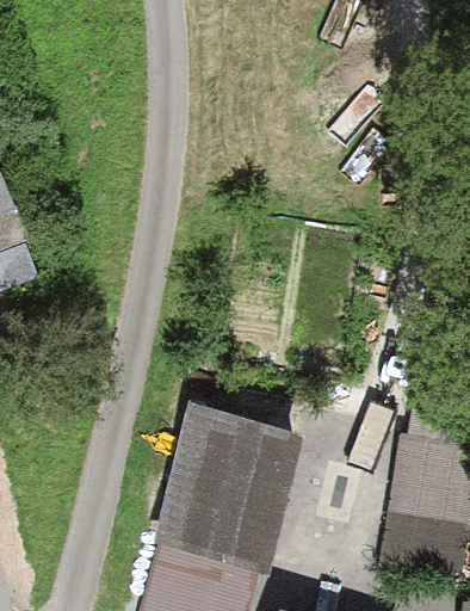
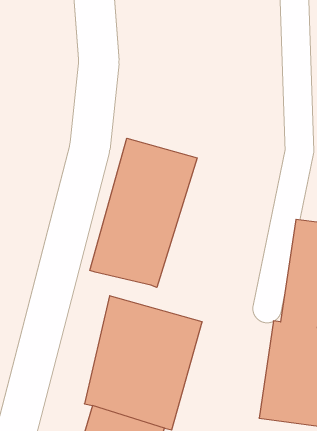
building: none -> [90,138,197,287]

